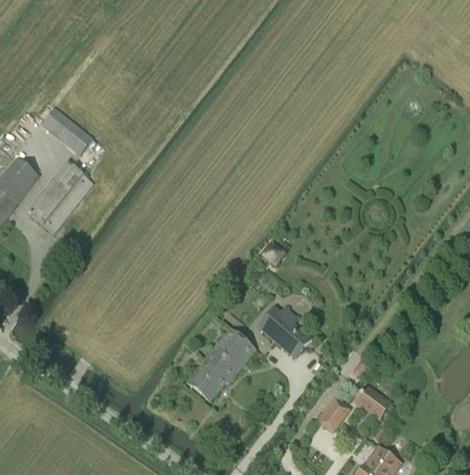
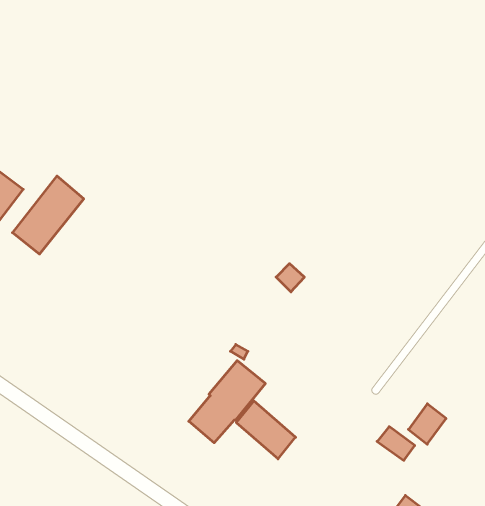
building: [43,107,93,152] -> none
building: [258,305,311,357] -> [236,401,296,459]
building: [318,395,352,432] -> [408,404,446,444]

